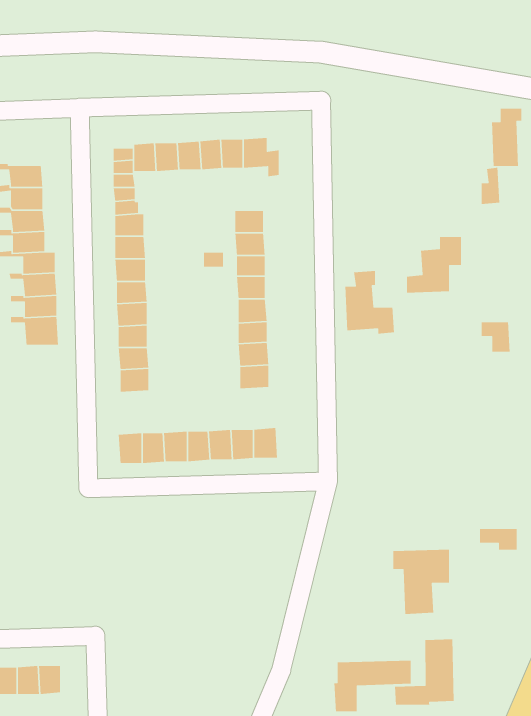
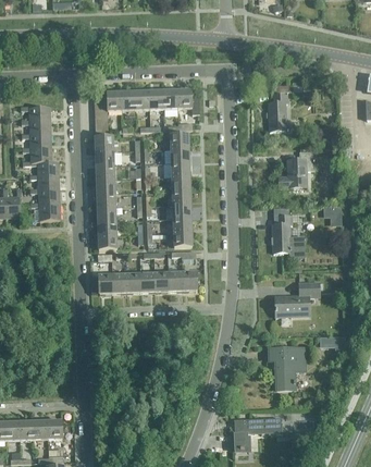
building: [491,108,522,167] -> [268,94,287,131]
building: [345,270,395,334] -> [271,214,302,255]
building: none -> [274,282,319,318]
building: [394,638,455,705] -> none

